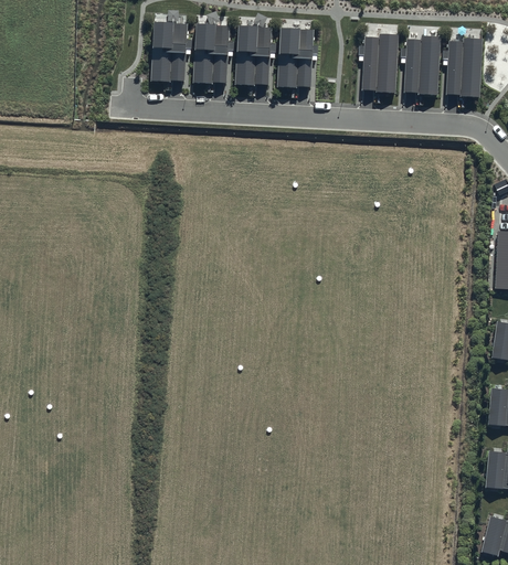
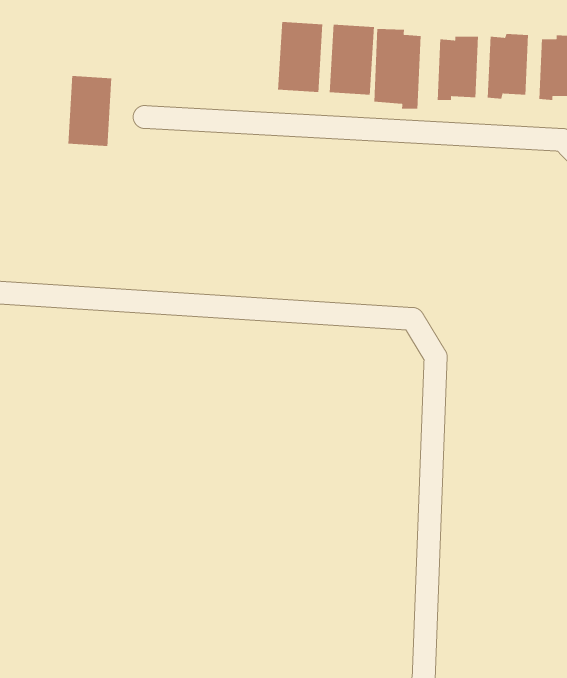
building: [150,23,187,82] -> [67,75,112,147]
building: [192,25,230,84] -> none
building: none -> [373,28,422,109]

